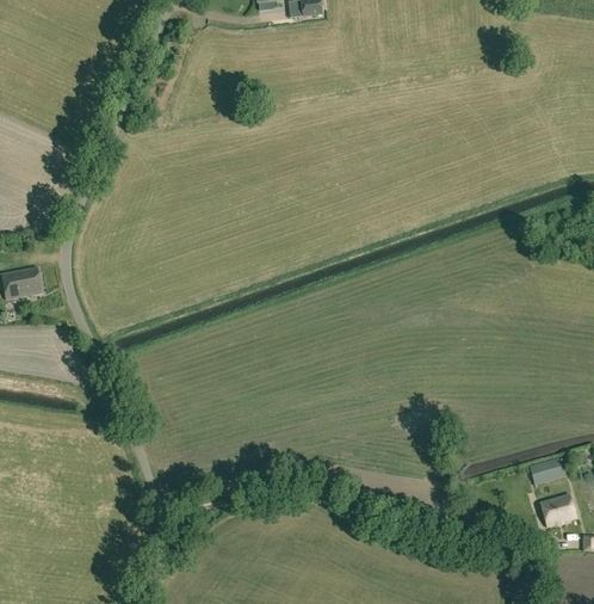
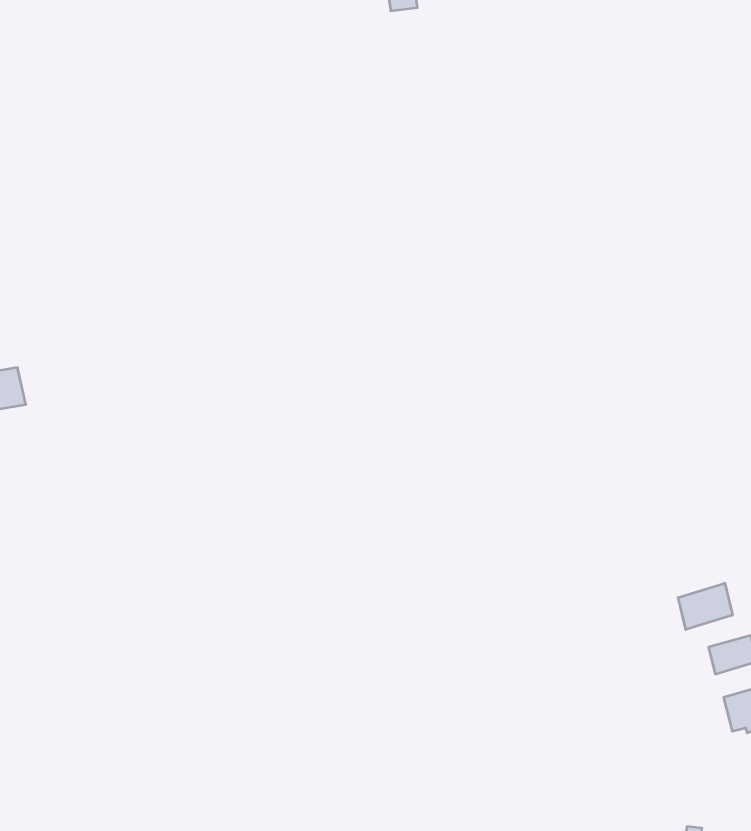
building: none -> [678,583,732,630]

